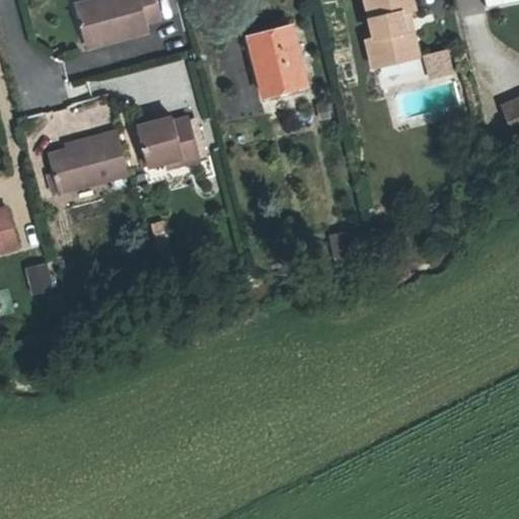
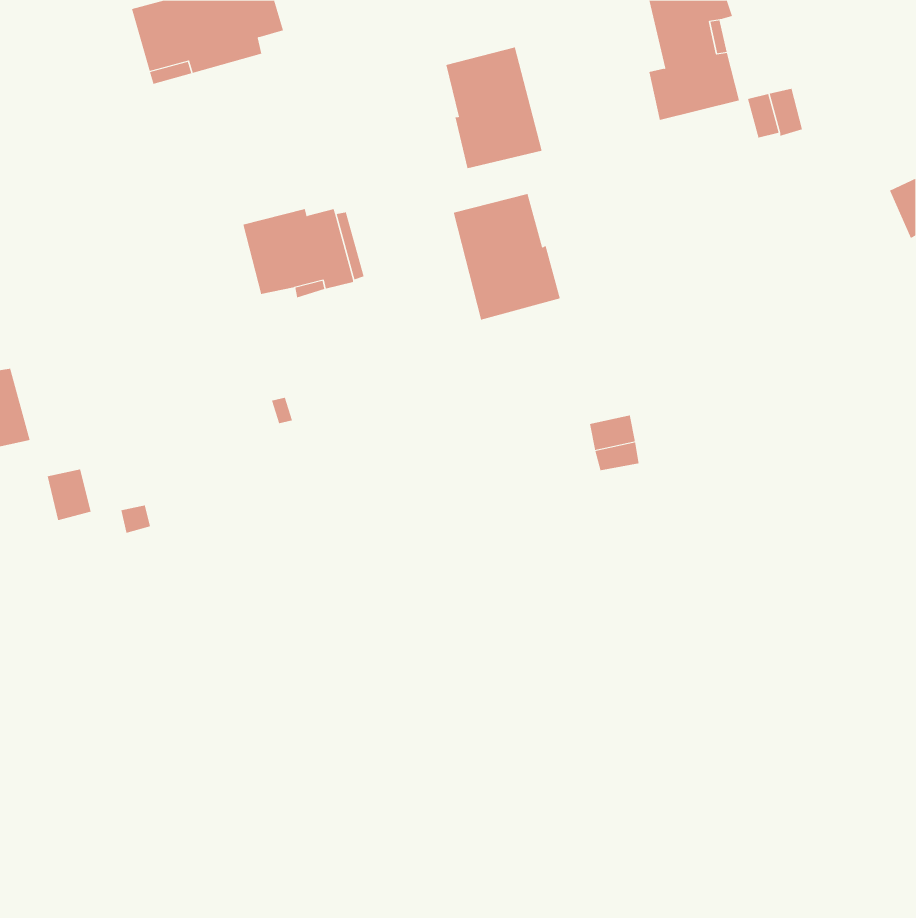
building: none -> [453,193,561,321]
building: [48,132,129,193] -> none

